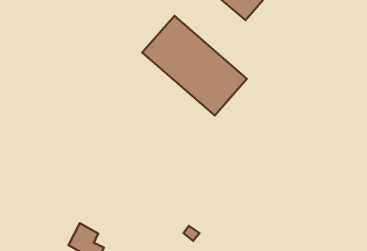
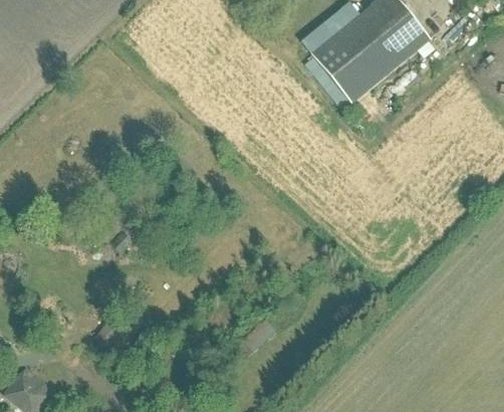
building: [142,16,247,115] -> none

